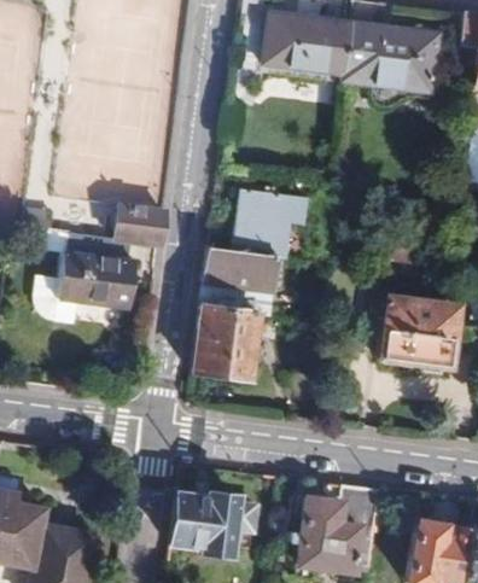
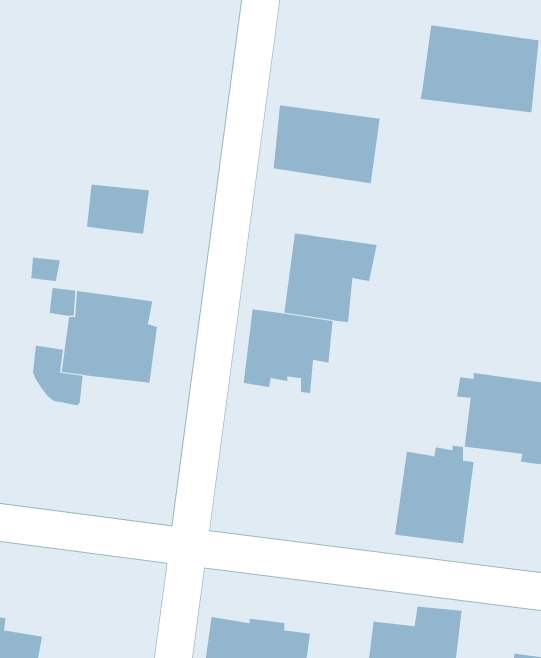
building: [268,12,354,75] -> [273,105,381,184]
building: [116,206,167,246] -> [86,184,150,234]
building: [194,303,258,381] -> [394,445,474,544]

